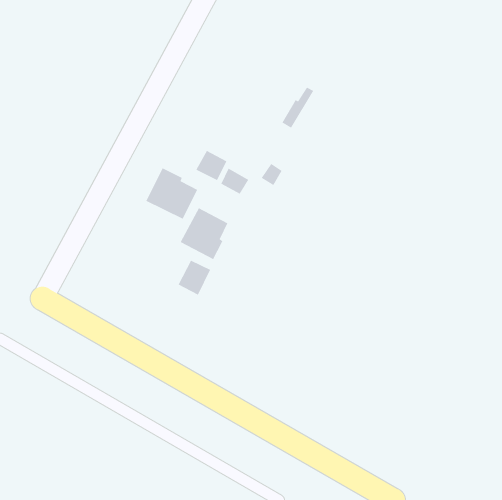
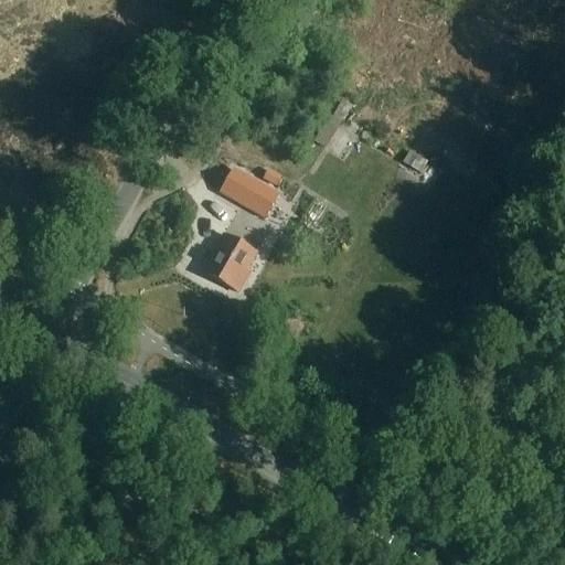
building: [145,167,198,220] -> none
building: [178,260,211,295] -> none

